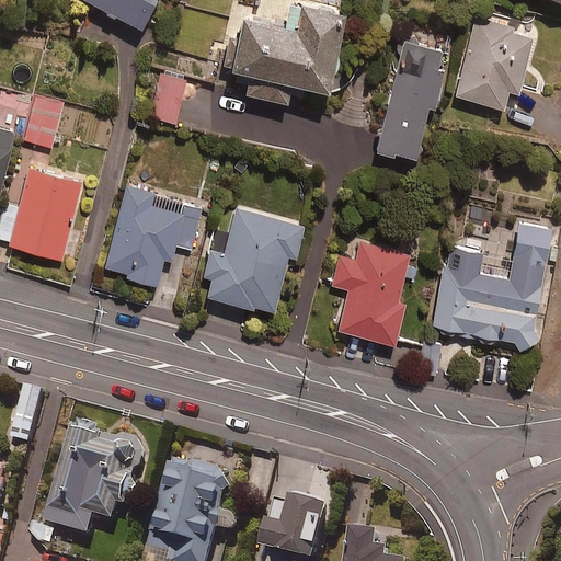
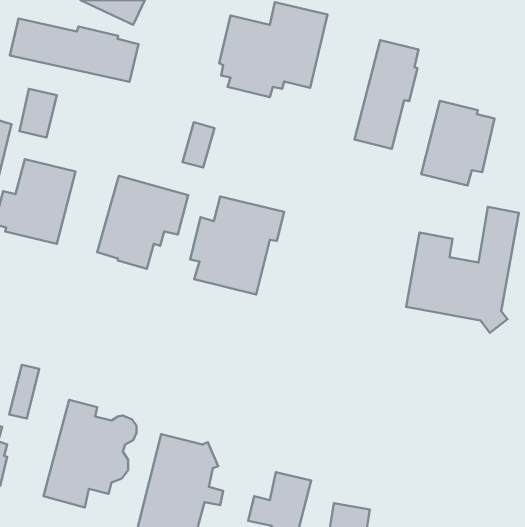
building: [454,19,531,108] -> [421,101,495,186]
building: none -> [10,18,139,82]
building: [149,75,183,123] -> [182,122,215,167]
building: [330,242,408,345] -> none

